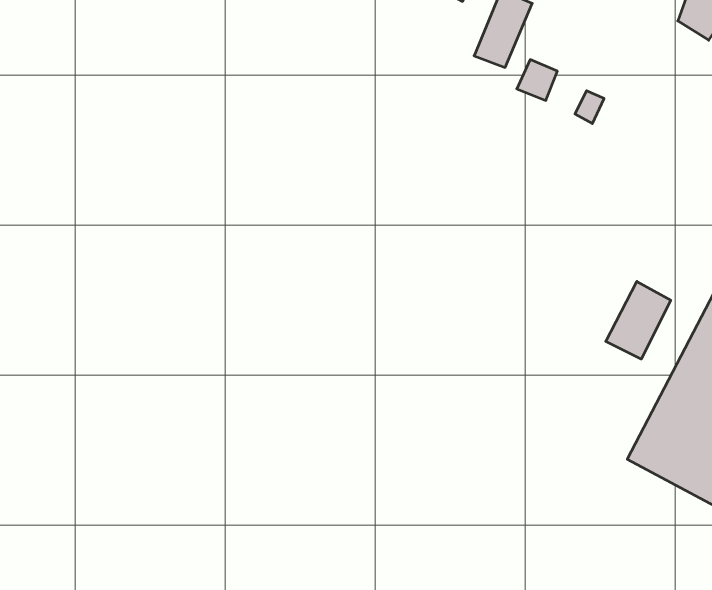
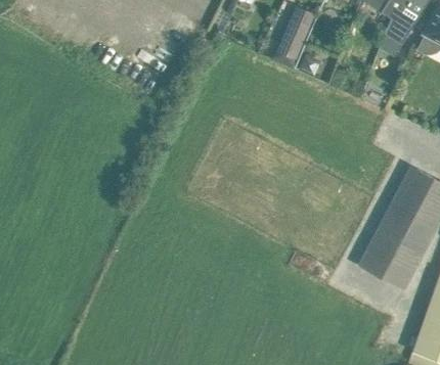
building: [606,281,671,359] -> none

